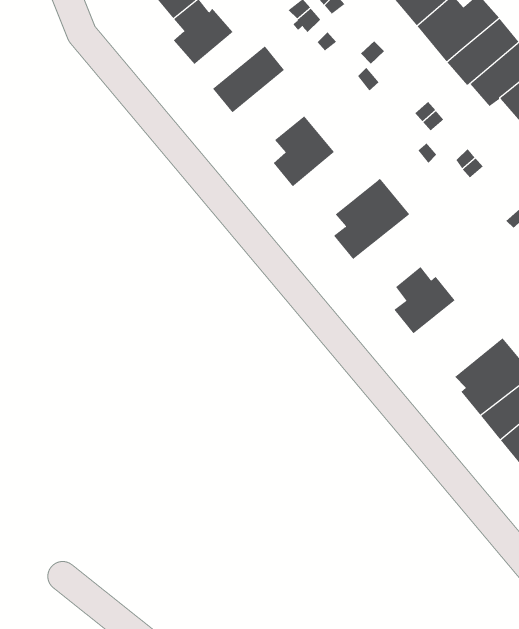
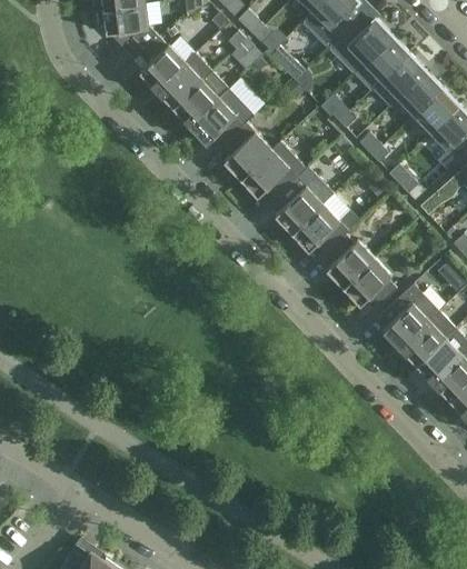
building: none -> [157,53,211,107]
building: none -> [189,88,254,143]
building: none -> [240,142,306,198]
building: none -> [291,193,349,251]
building: none -> [342,258,396,306]

